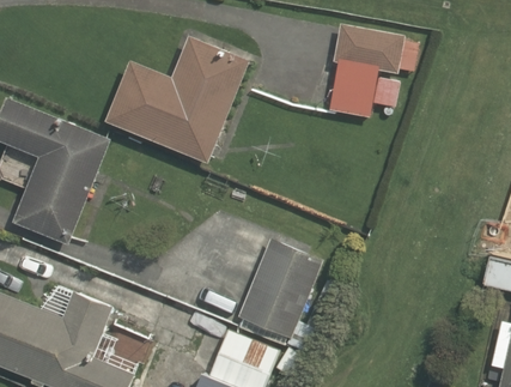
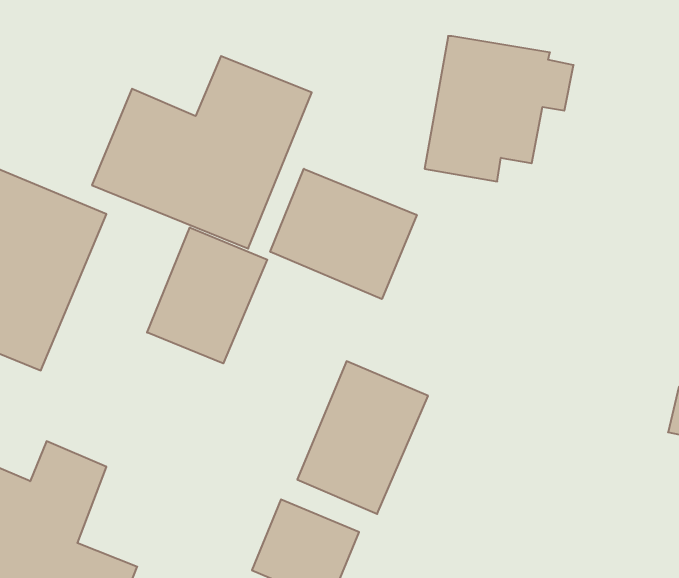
building: none -> [270,169,417,299]
building: none -> [147,227,267,363]

